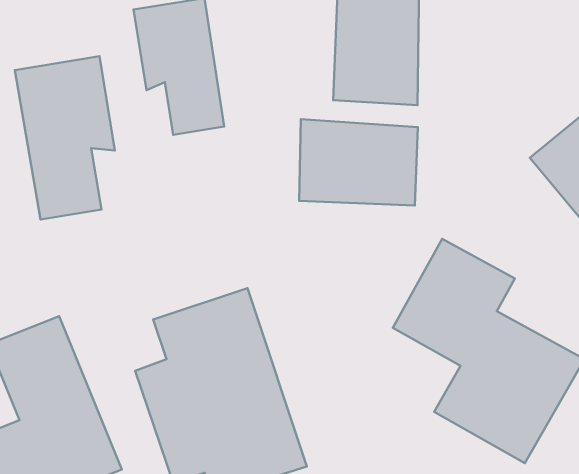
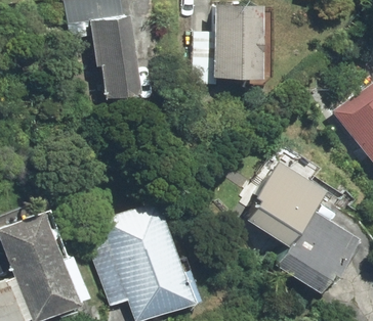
building: [15,56,115,220] -> none
building: [299,119,418,205] -> none

